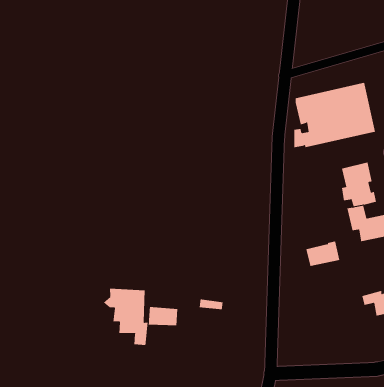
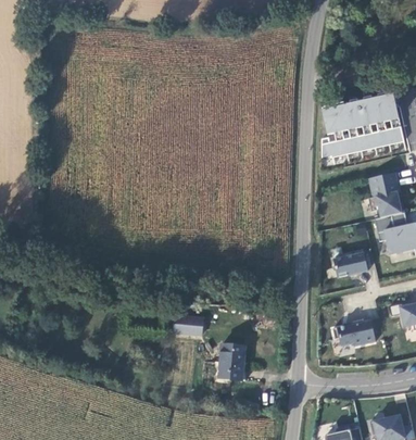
building: [103,288,148,346] -> none
building: none -> [332,319,375,347]
building: none -> [220,345,244,378]

